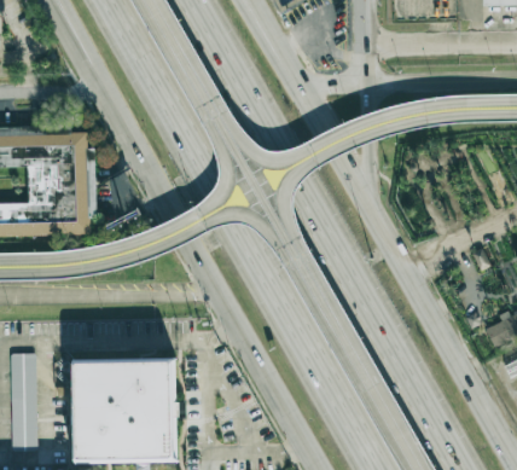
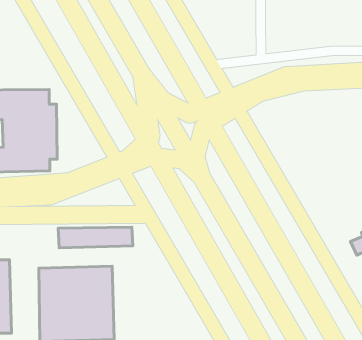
building: none -> [58,227,133,248]

